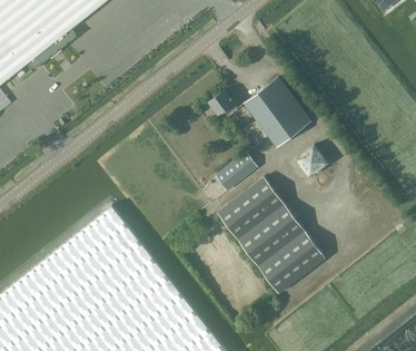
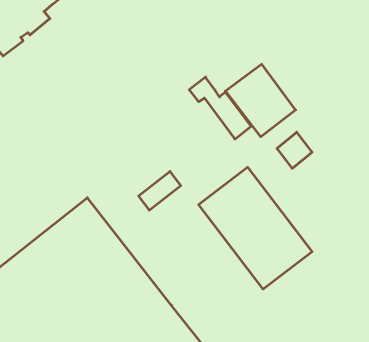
building: [217,154,257,191] -> [139,171,181,210]

